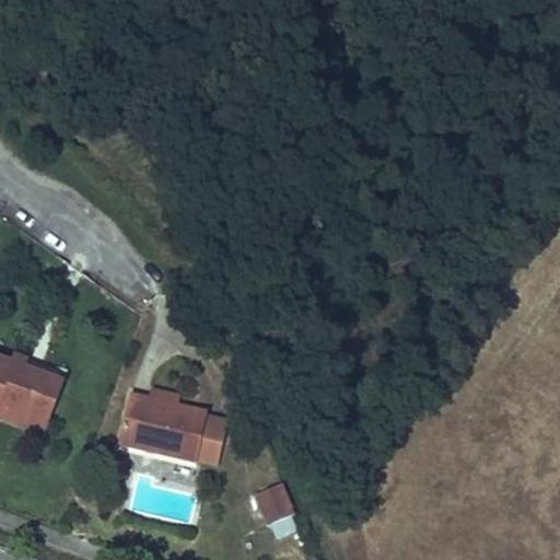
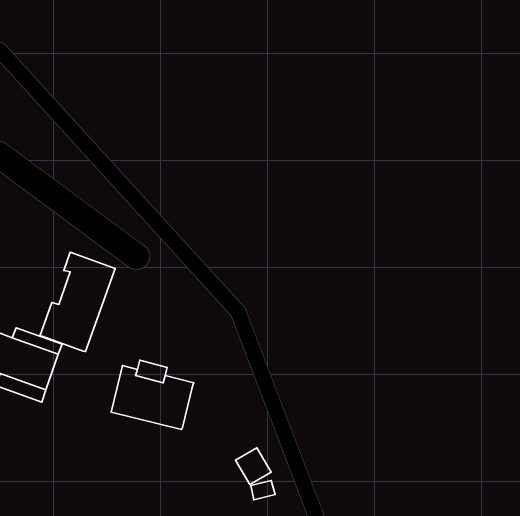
building: none -> [40,252,115,351]
building: [196,413,229,465] -> none

